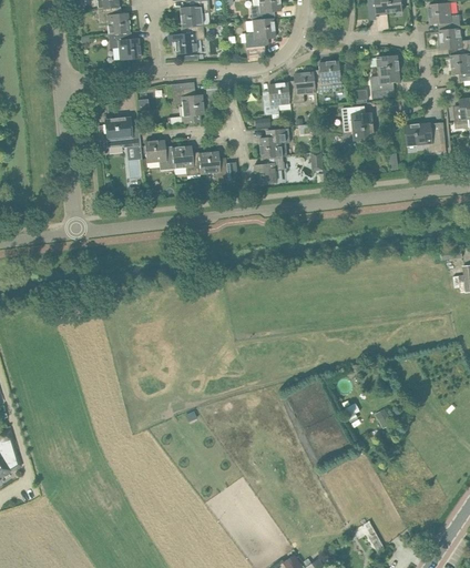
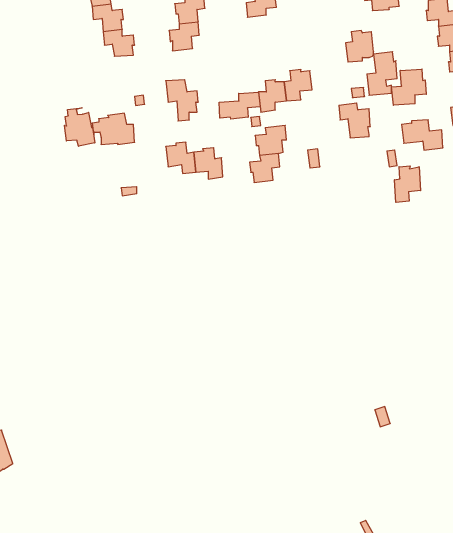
building: [245,18,275,47] -> none
building: [314,61,341,92] -> [346,31,374,62]
building: none -> [391,69,426,105]
building: none -> [219,92,260,119]
building: none -> [64,108,95,146]
building: [144,139,173,170] -> none
building: none -> [395,166,421,202]

